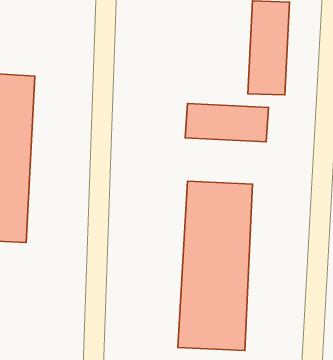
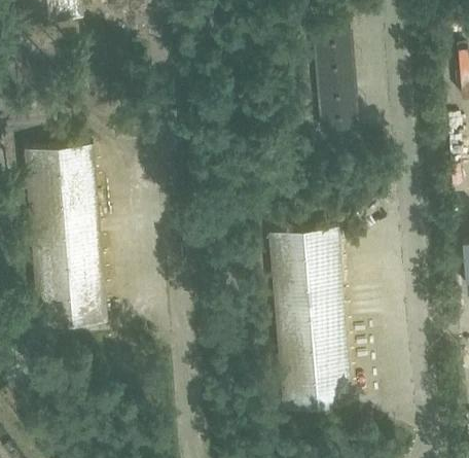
building: [185,104,269,142] -> none

